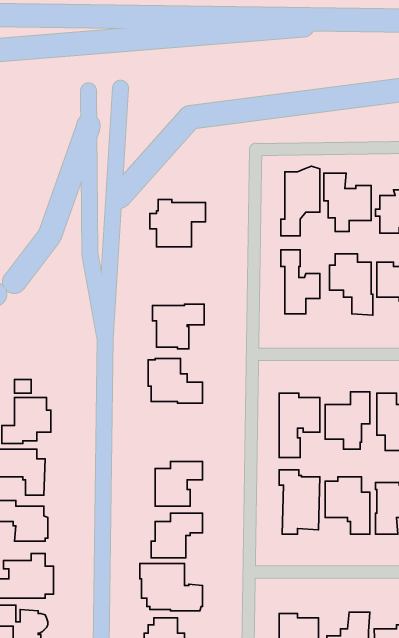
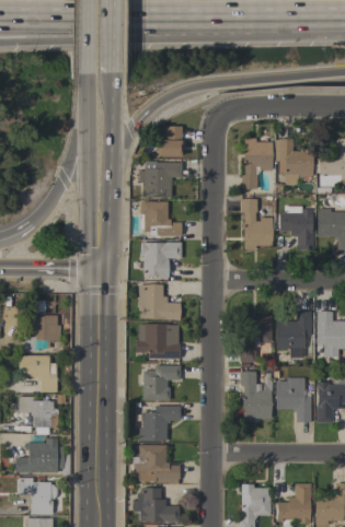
building: none -> [159,126,183,156]
building: none -> [141,201,182,235]
building: none -> [136,324,181,358]

